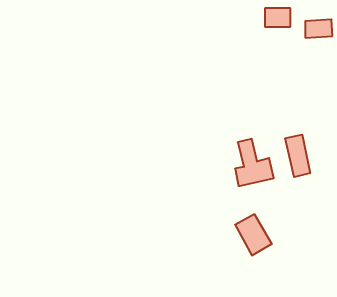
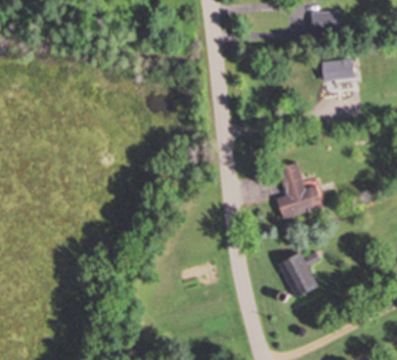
building: [305,19,332,38] -> [321,59,353,81]
building: [285,135,310,177] -> none

